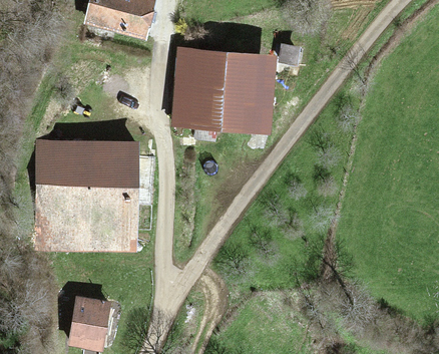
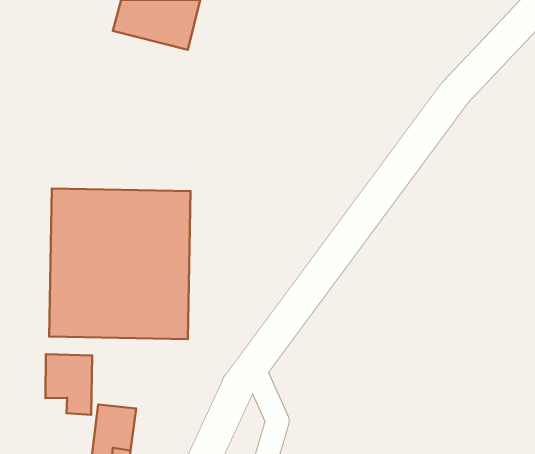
building: [171,47,273,129] -> none
building: none -> [46,354,92,415]

